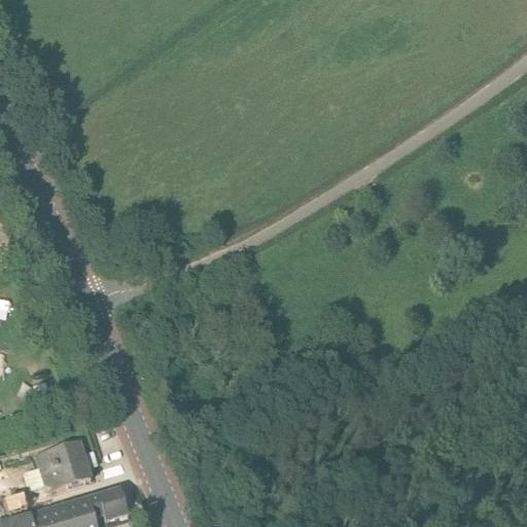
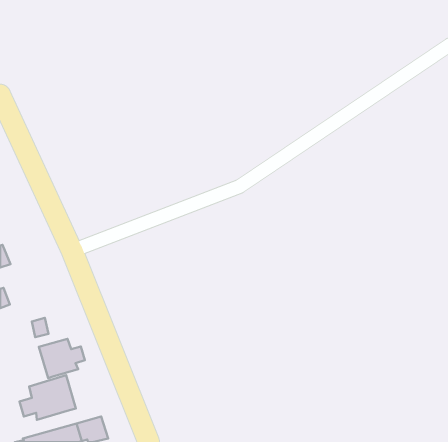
building: none -> [39,339,85,378]

